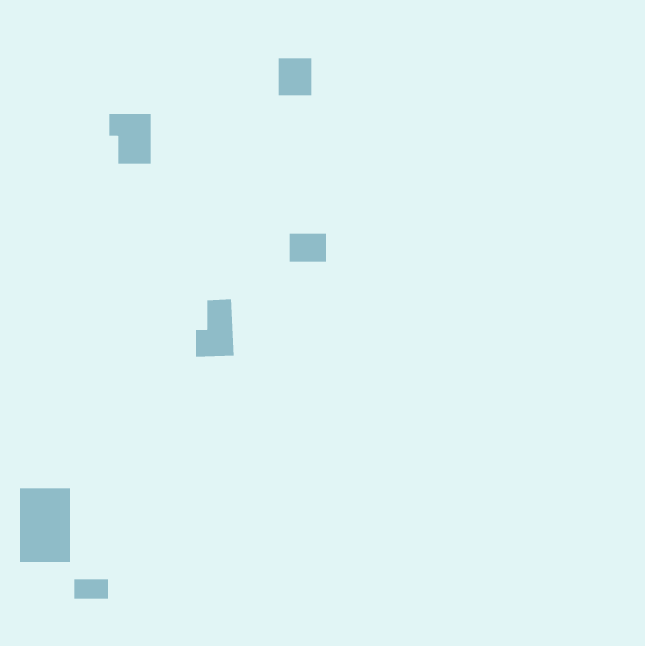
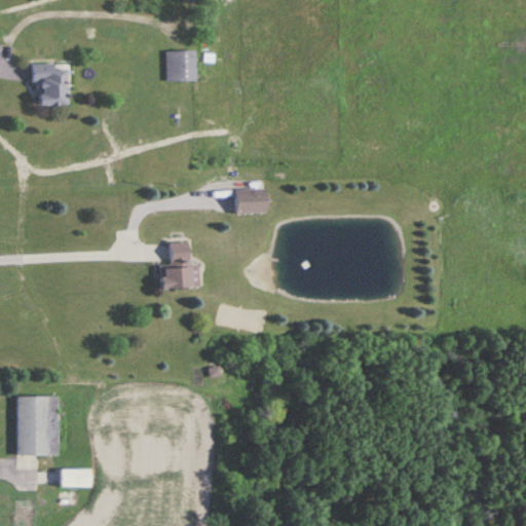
building: [278,58,312,96] -> [166,50,194,81]
building: [109,113,152,164] -> [32,64,67,105]

